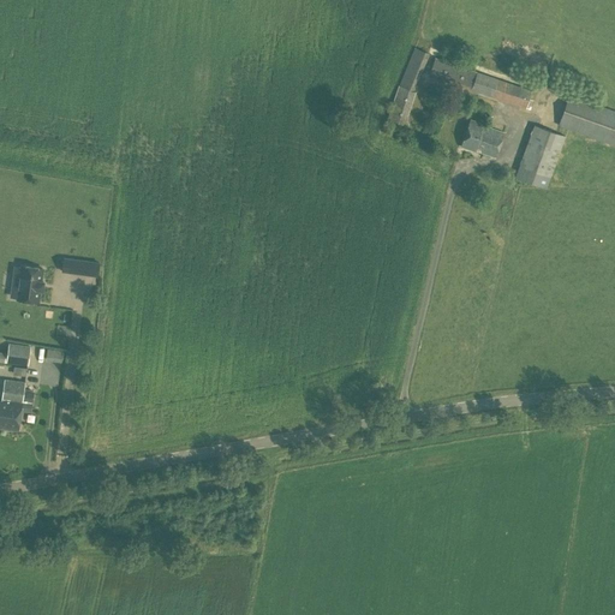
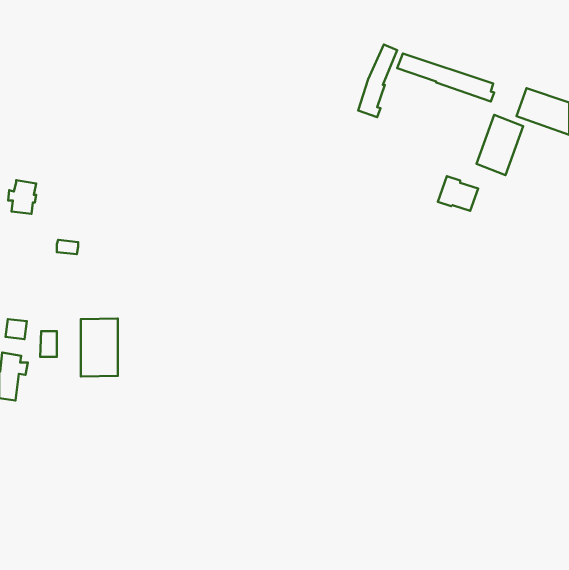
building: [459,119,502,156] -> [438,176,478,211]
building: [12,265,42,301] -> [8,180,36,214]
building: none -> [81,318,118,377]

